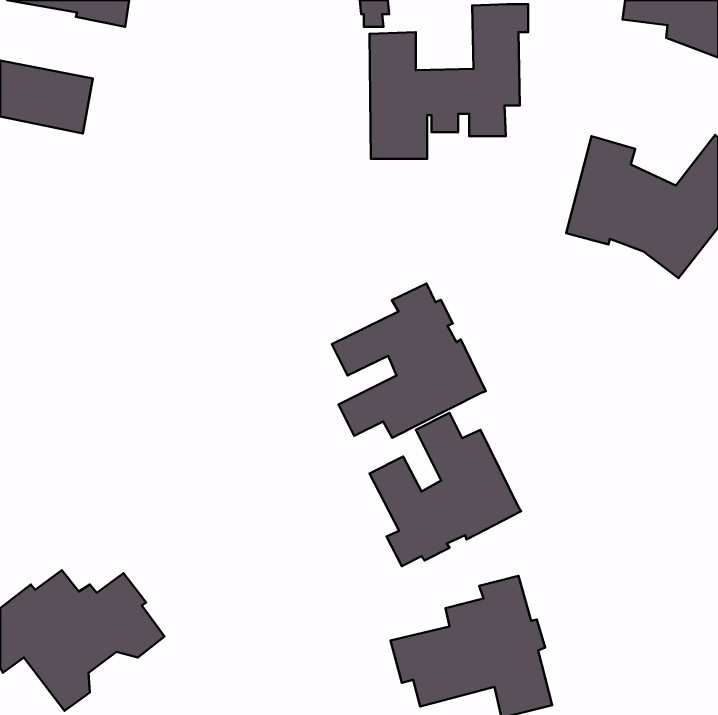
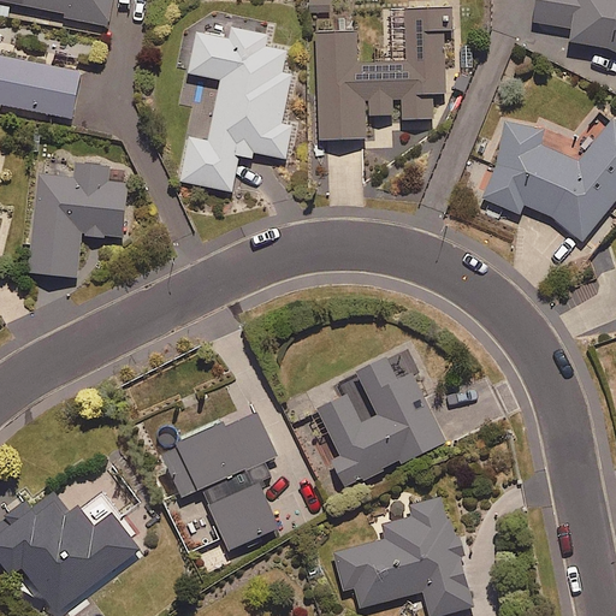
building: none -> [179,29,292,191]
building: none -> [28,161,126,276]
building: [332,284,486,438] -> none
building: none -> [159,408,279,549]

